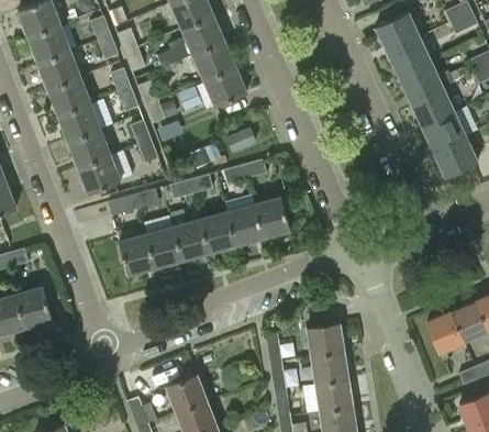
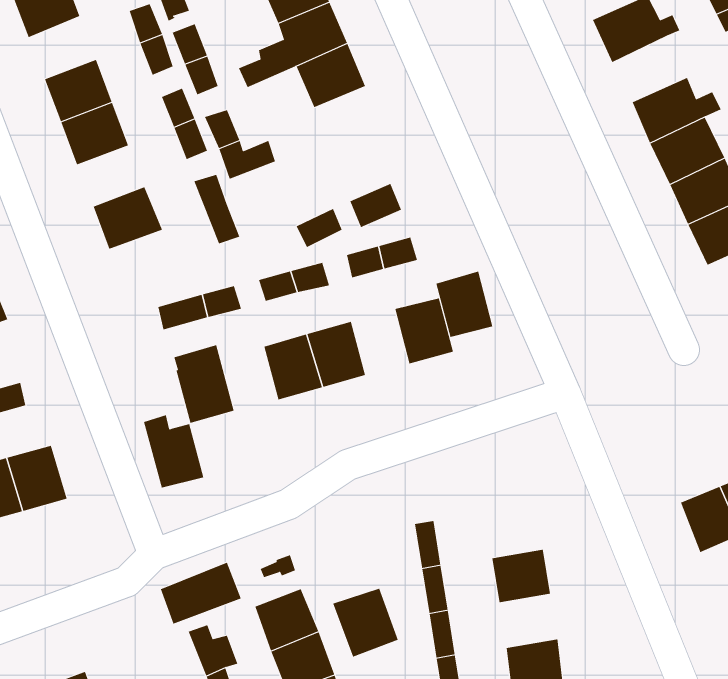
building: [29,24,70,63] -> none
building: [386,36,432,77] -> none
building: [203,67,246,107] -> none
building: [58,103,100,141] -> none
building: [78,155,121,195] -> none
building: [226,203,262,244] -> [436,271,493,337]
building: [144,221,181,266] -> [143,415,204,488]
building: [308,323,344,356] -> none
building: none -> [160,562,242,624]
building: none -> [333,588,398,657]
building: [316,378,353,411] -> none

